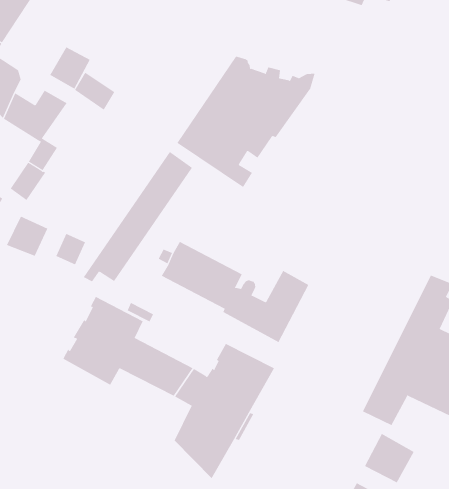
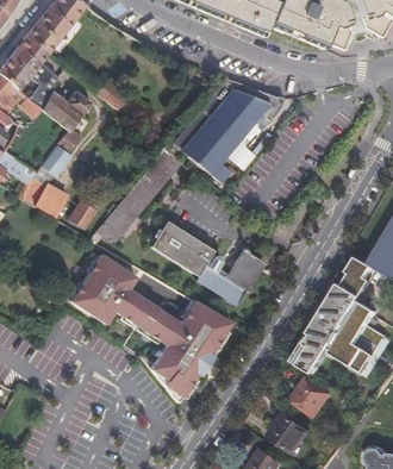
building: [50,46,91,89] -> none

